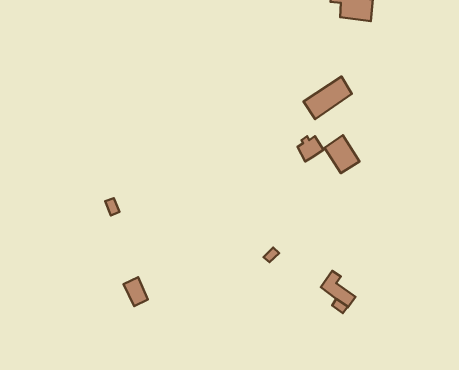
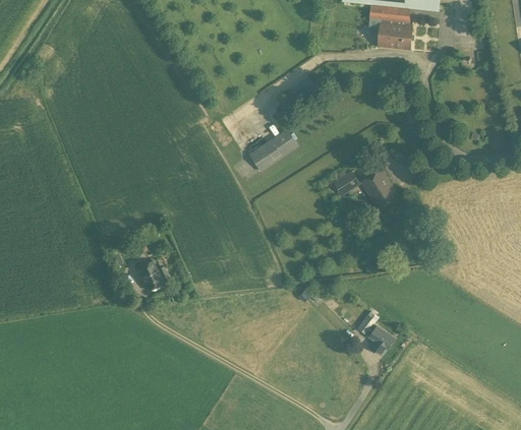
building: [304,76,352,119] -> [248,126,299,171]
building: [124,277,148,306] -> [136,259,162,290]

